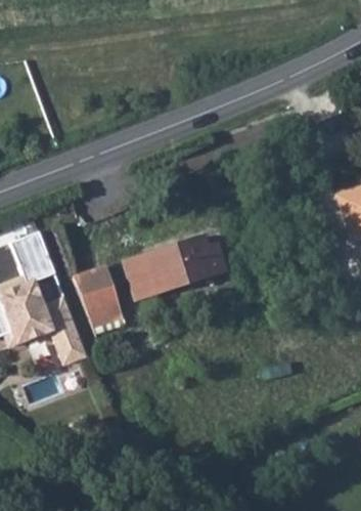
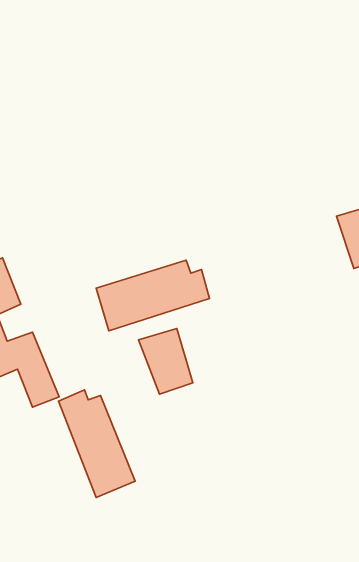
building: [72,266,120,325] -> [139,328,193,394]
building: none -> [58,390,135,497]

